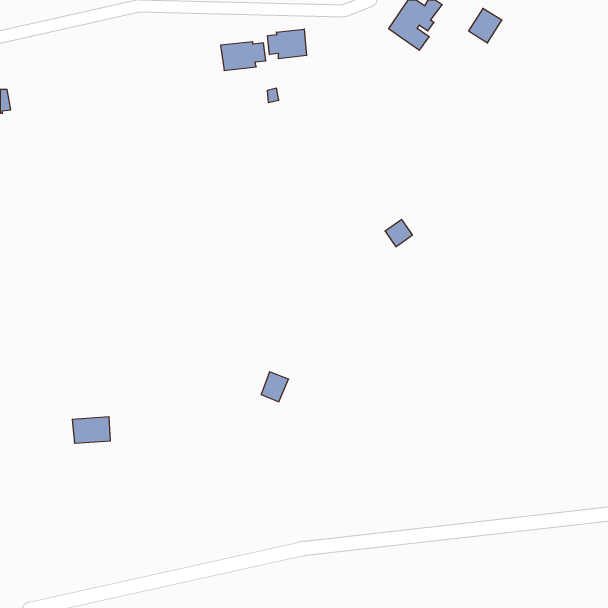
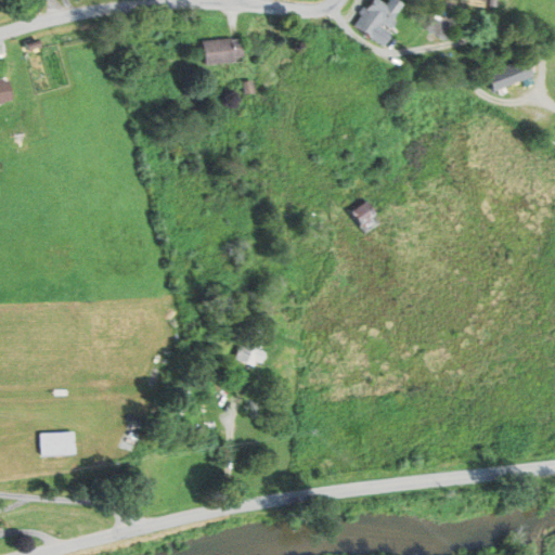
building: [268,29,306,59] -> none
building: none -> [487,60,533,92]
building: [72,417,110,443] -> [40,433,75,456]

